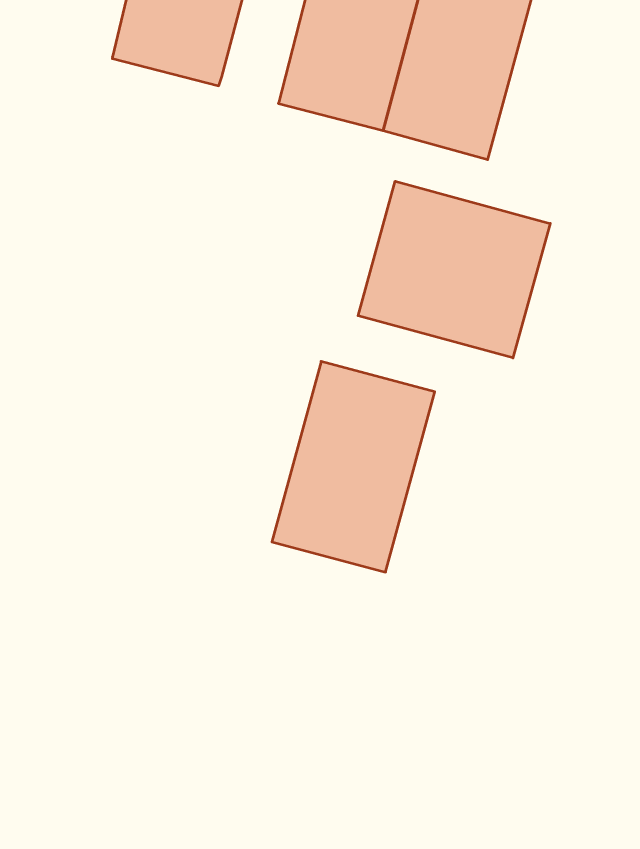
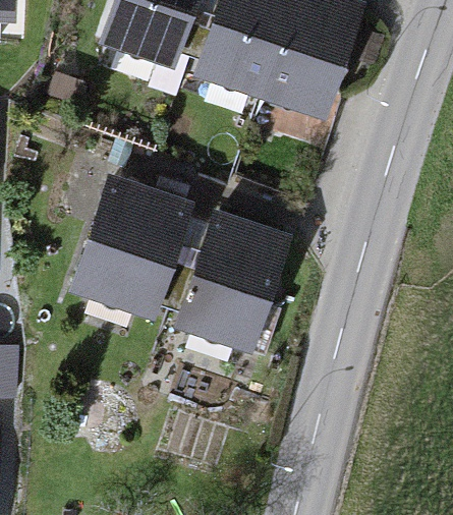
building: [358,181,550,358] -> none
building: none -> [78,187,184,312]

